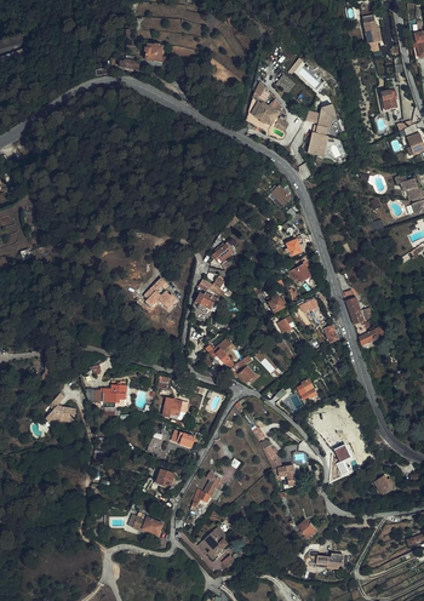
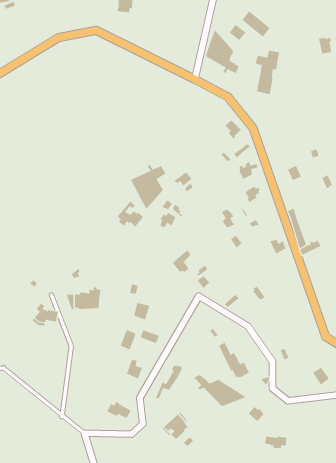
building: none -> [130,164,166,210]
building: none -> [194,374,247,407]

